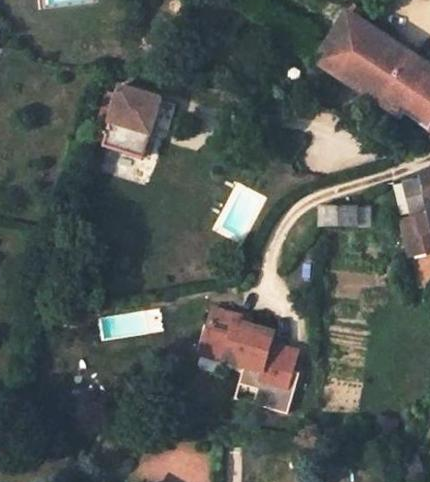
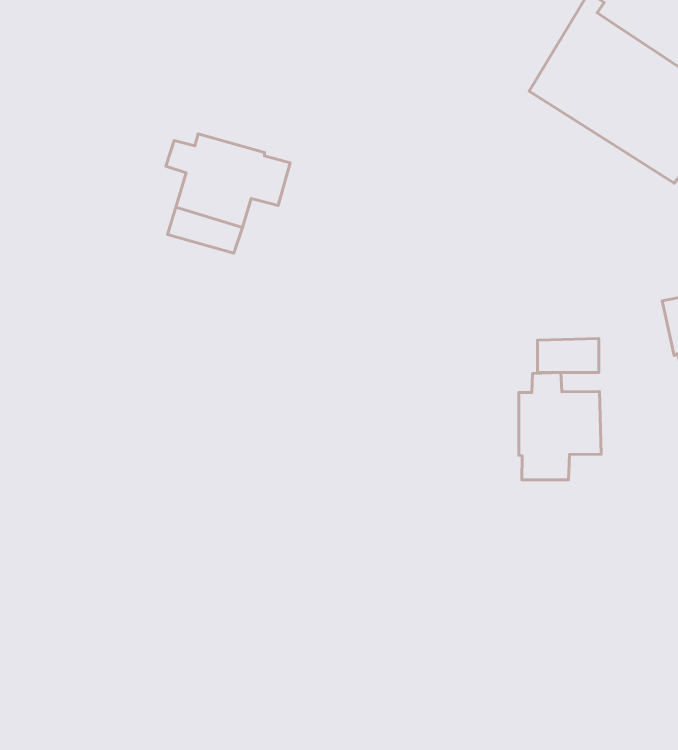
building: none -> [519,372,601,480]
building: [201,305,300,412] -> none

